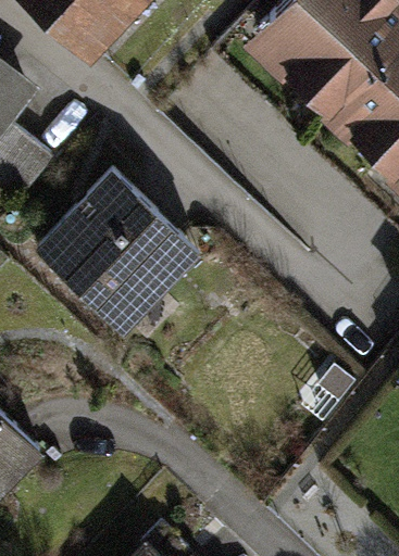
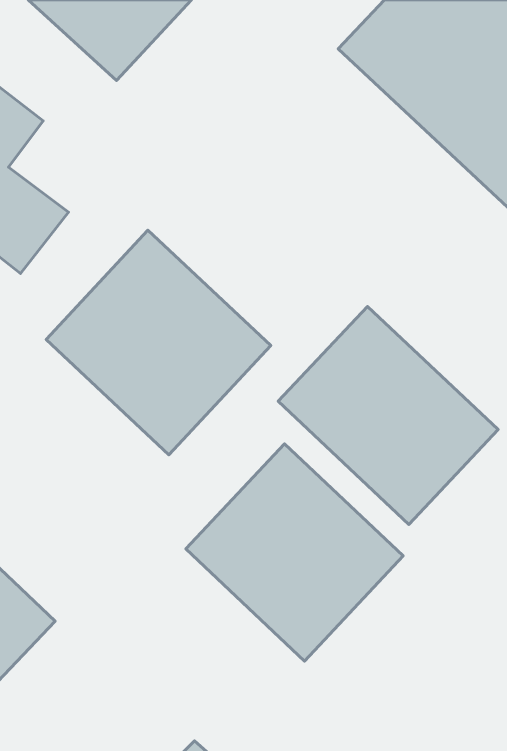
building: none -> [278,306,498,524]
building: none -> [186,444,403,661]

